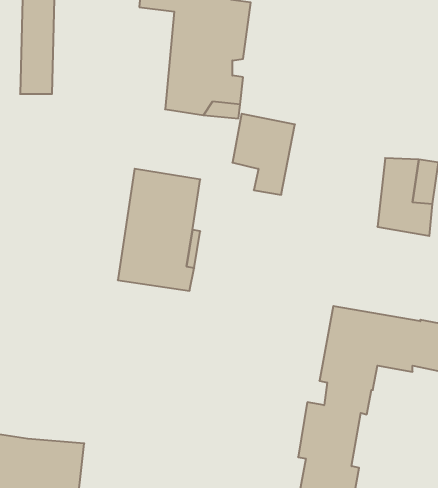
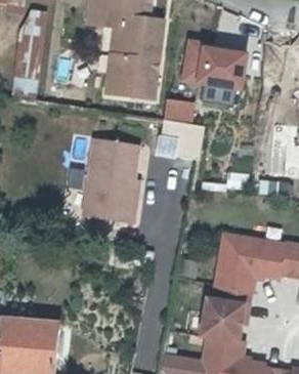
building: none -> [176,38,245,93]

